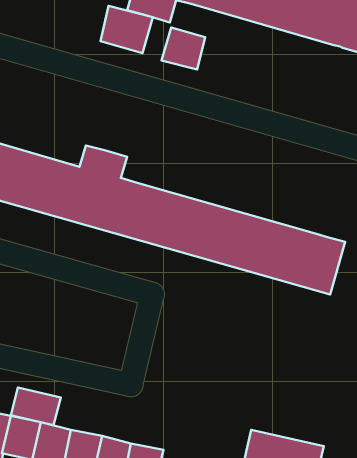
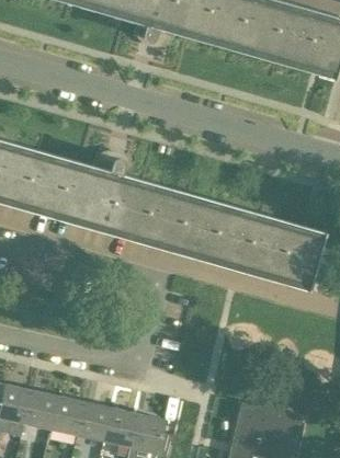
building: [100,6,153,53] -> none
building: [162,27,205,70] -> none
building: [10,388,61,425] -> none

